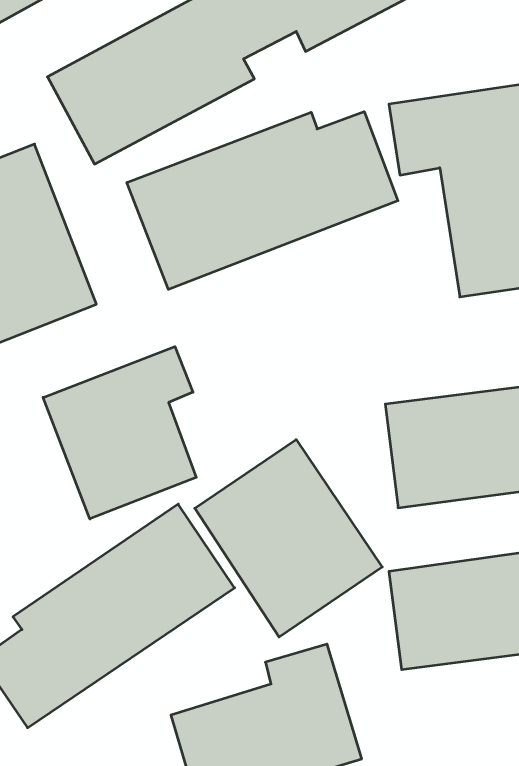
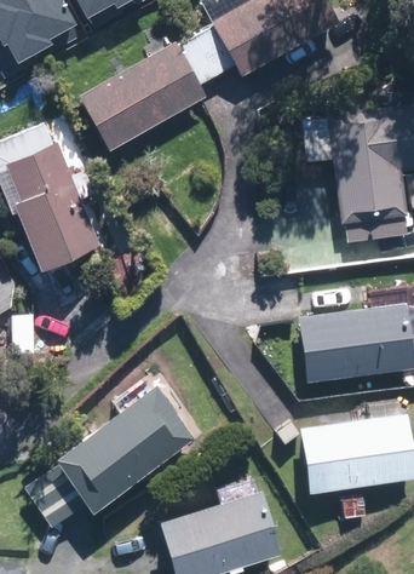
building: [127,112,398,289] -> none
building: [43,347,196,519] -> none
building: [195,440,382,637] -> none

